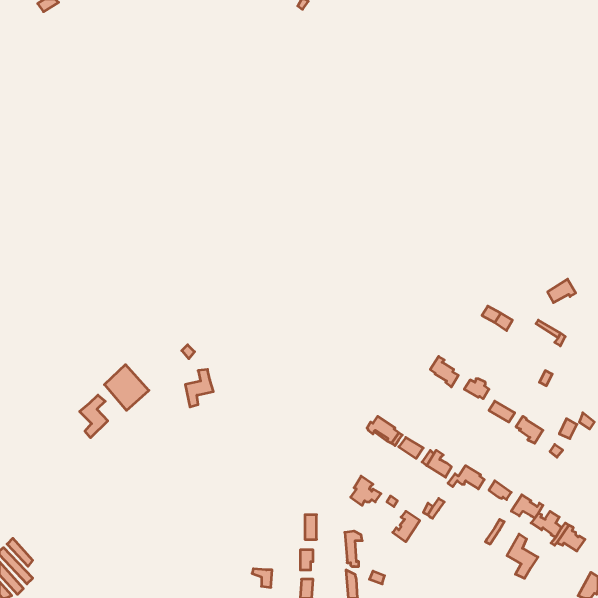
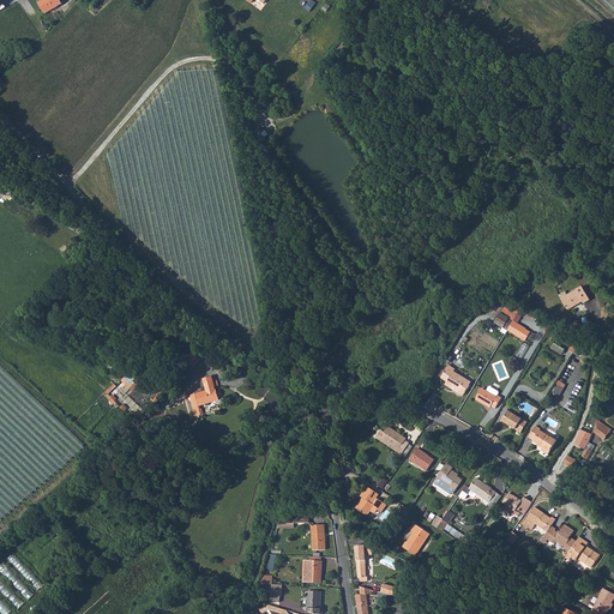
building: [80,395,108,438] -> none
building: [507,534,538,578] -> none

